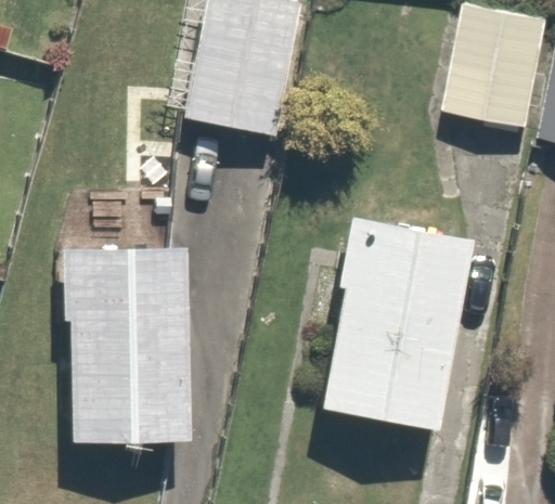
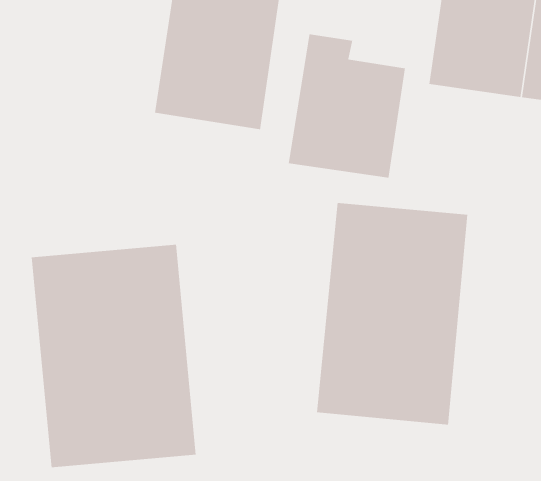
building: none -> [288,34,406,178]

